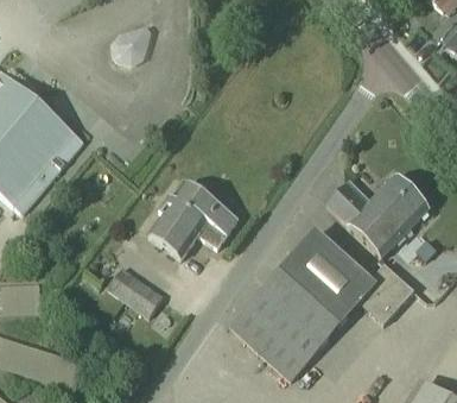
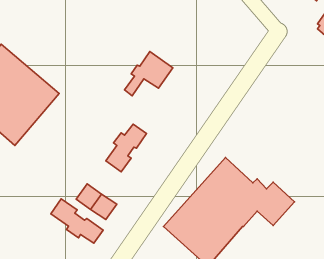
building: [326,175,430,256] -> none
building: [171,195,239,257] -> [124,52,173,96]
building: none -> [51,199,103,243]

